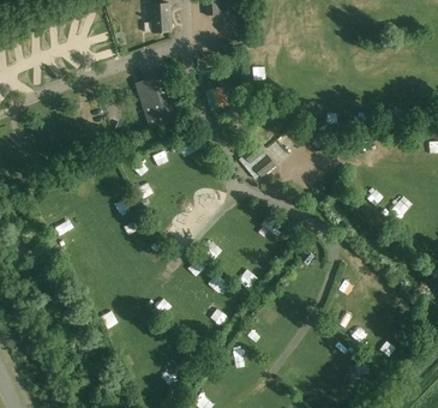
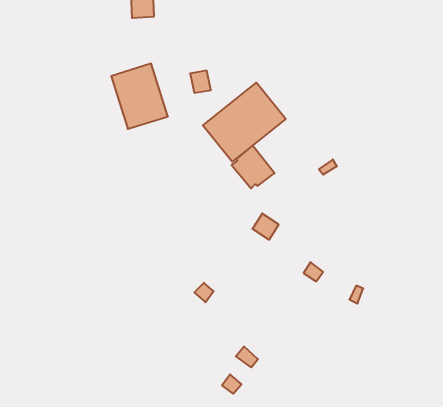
building: none -> [203,83,286,162]

